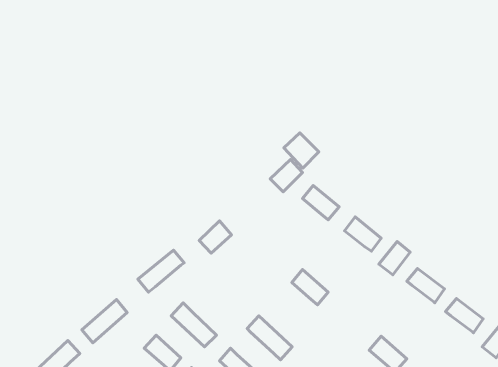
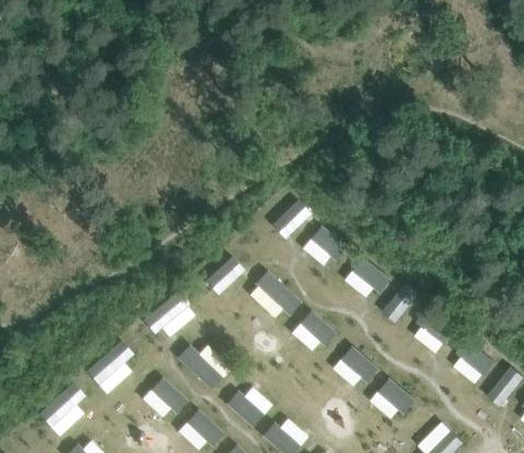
building: [284,133,319,168] -> none
building: none -> [341,346,379,382]
building: [247,316,292,360] -> [255,270,301,315]

